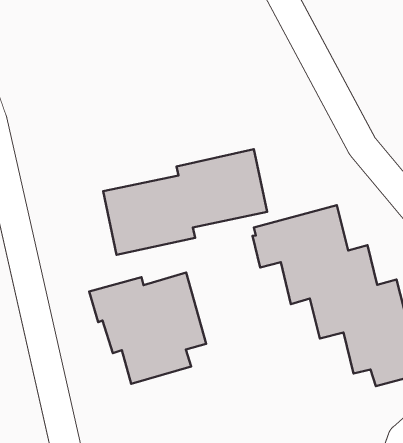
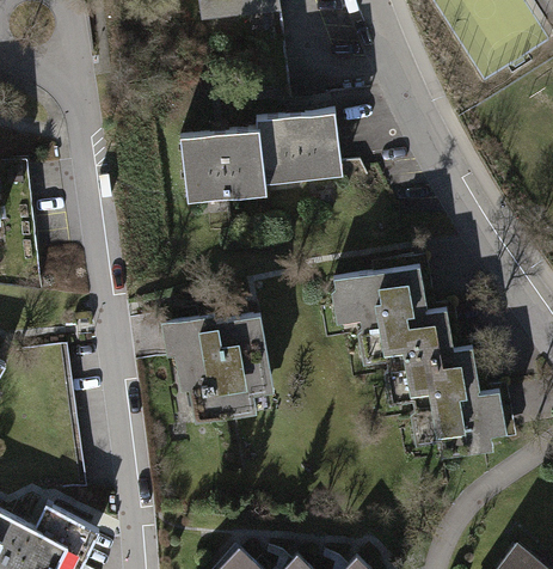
building: [103,149,267,255] -> [178,110,344,204]

